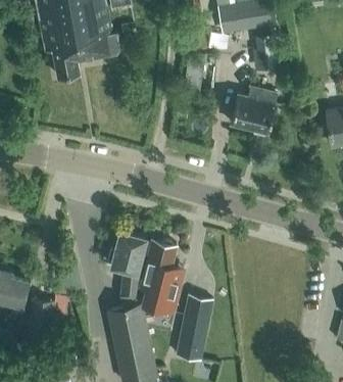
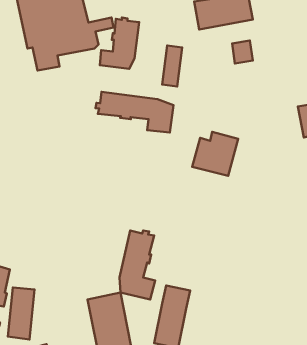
building: none -> [100,17,139,69]
building: [230,88,277,133] -> [192,132,238,176]
building: none -> [95,92,174,133]
building: [106,232,146,299] -> none

